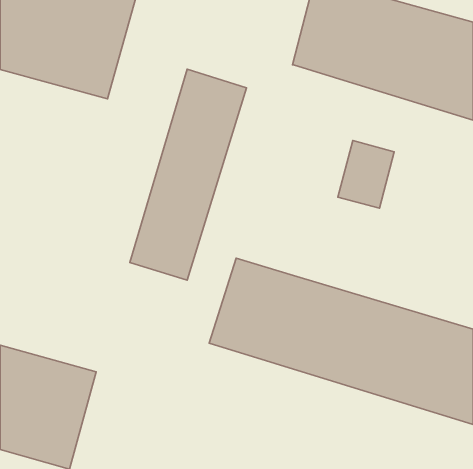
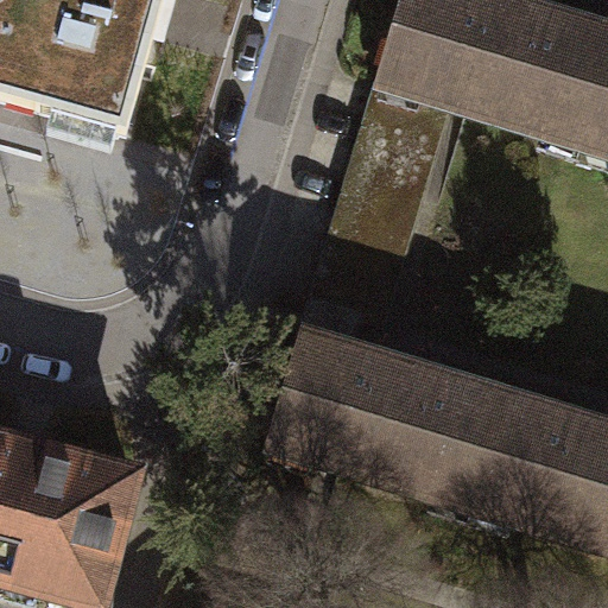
building: [130,69,246,280] -> [303,83,452,354]

